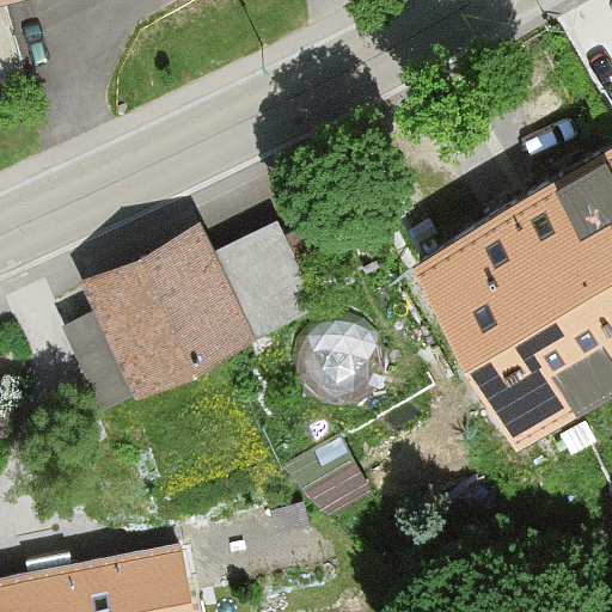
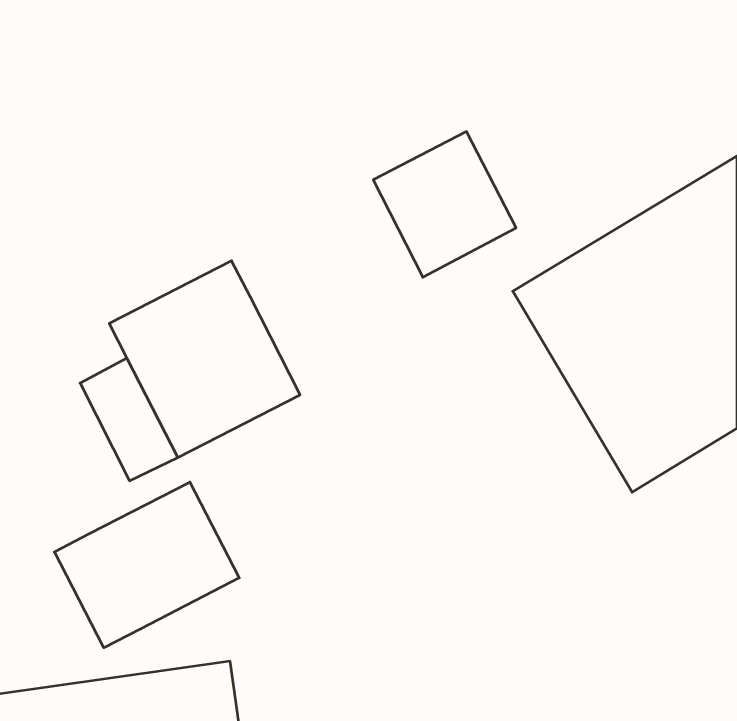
building: [206,224,323,343] -> [373,132,516,277]
building: none -> [54,482,239,648]

